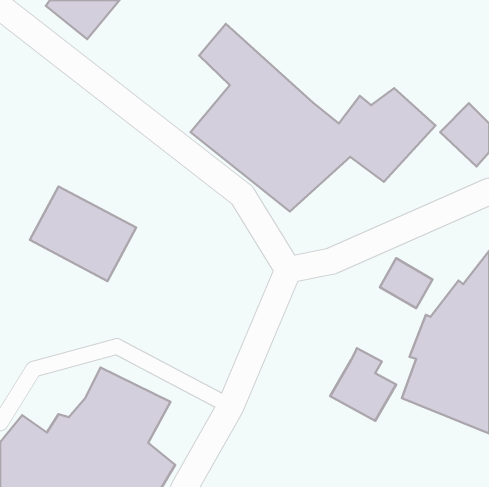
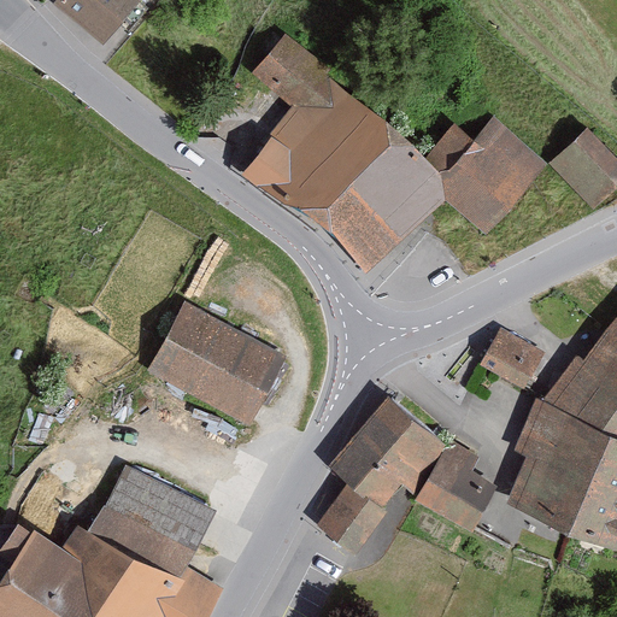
building: [30,186,136,281] -> [148,304,282,423]
building: none -> [317,399,447,558]

